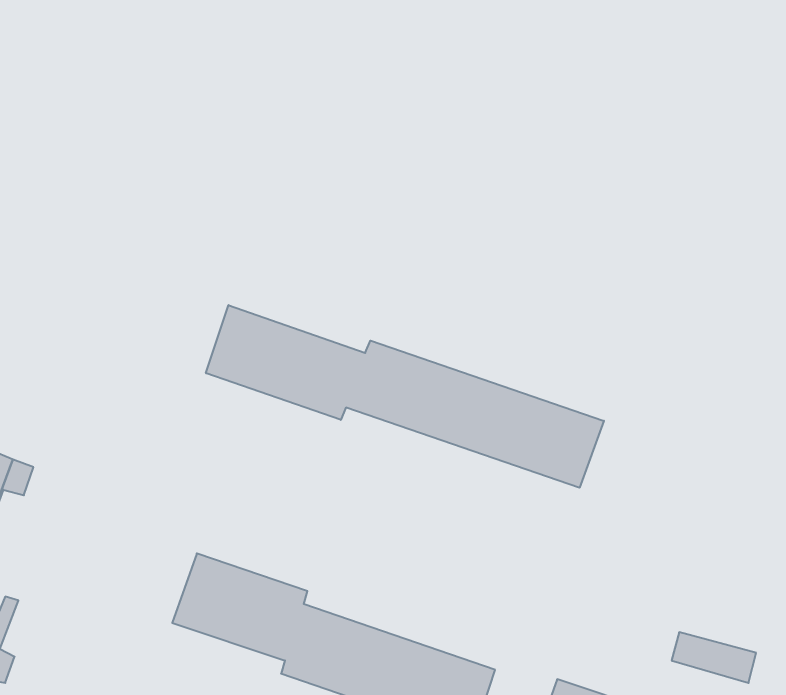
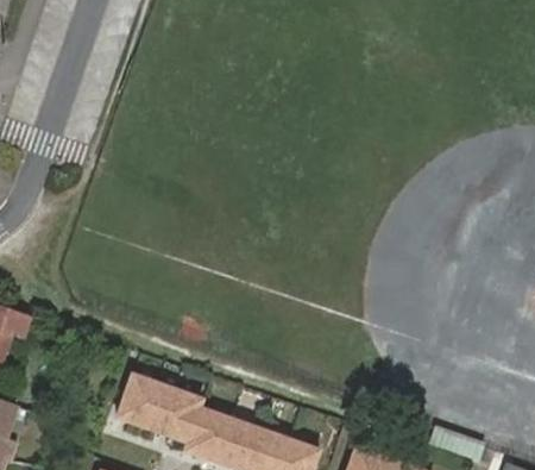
building: [206,305,604,488] -> none

